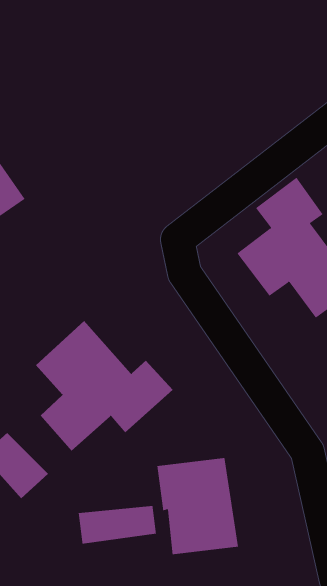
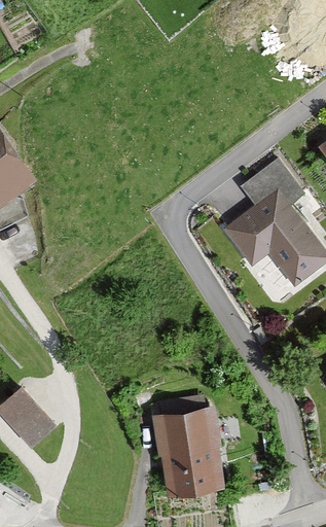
building: [35,320,174,452] -> none
building: [78,505,157,544] -> none

